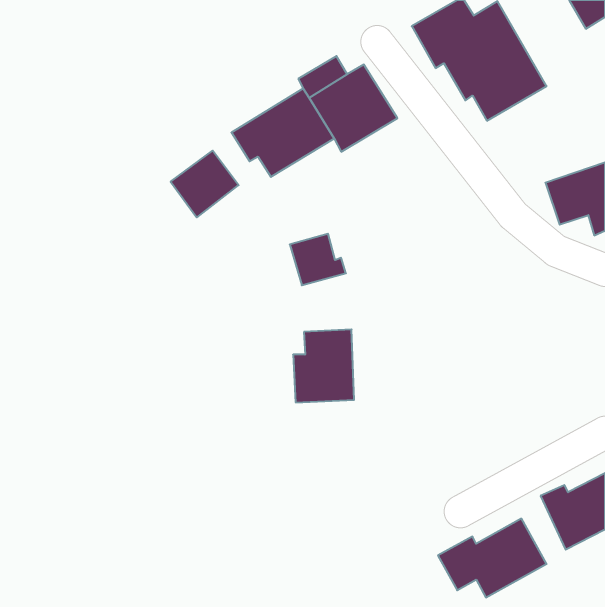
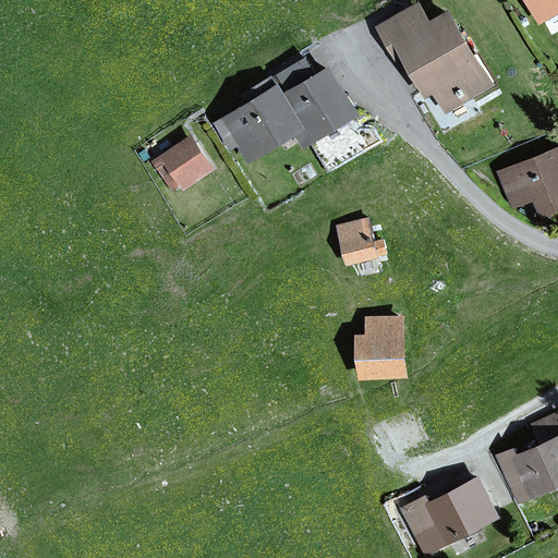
building: [290,234,346,285] -> [333,218,385,265]
building: [293,329,354,402] -> [353,313,409,379]

